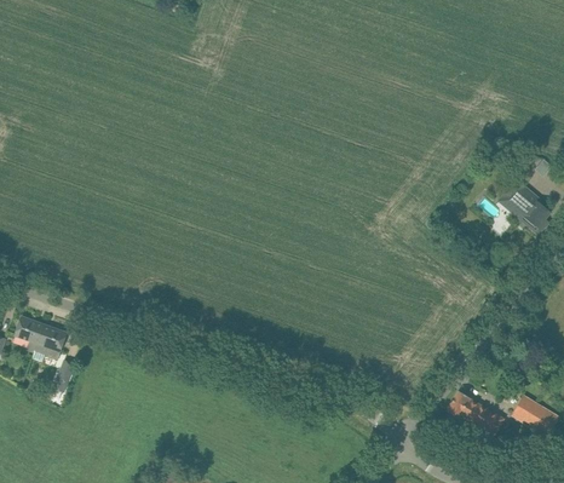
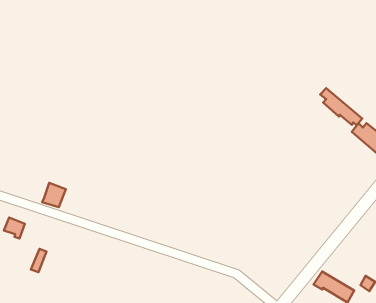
building: none -> [320,88,362,125]
building: [34,326,67,360] -> [42,183,66,207]

